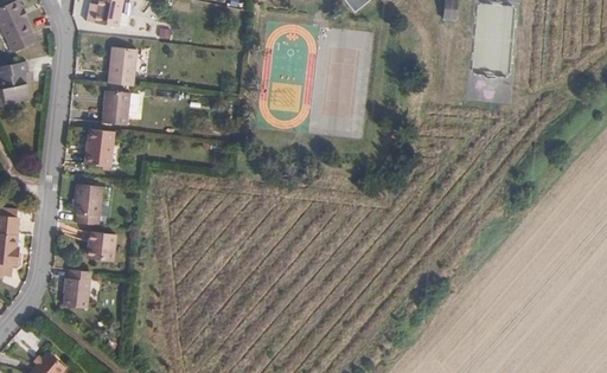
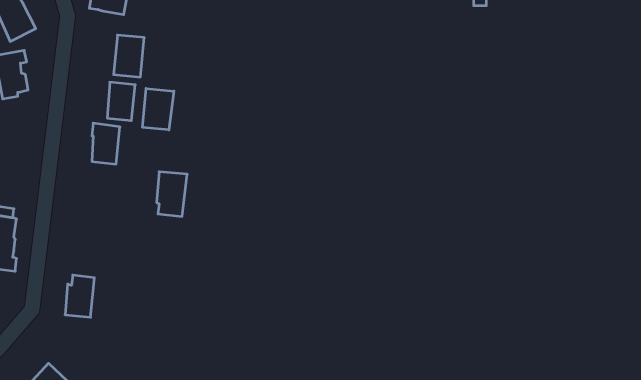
building: none -> [143,88,174,130]
building: [74,184,102,225] -> [157,172,187,216]
building: [87,231,114,261] -> none

